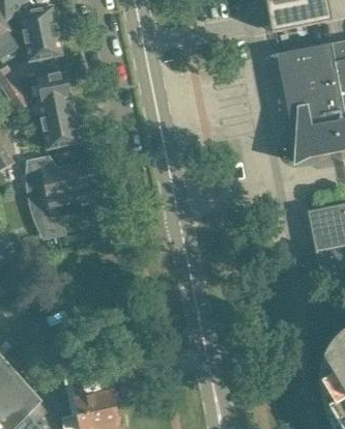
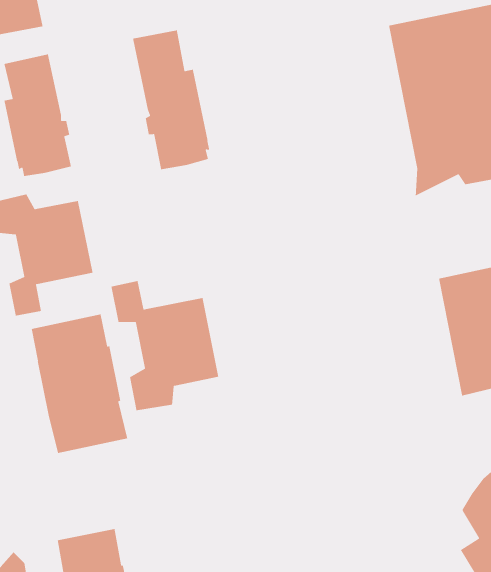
building: none -> [132,29,210,170]
building: none -> [111,280,219,411]
building: none -> [31,313,128,454]

